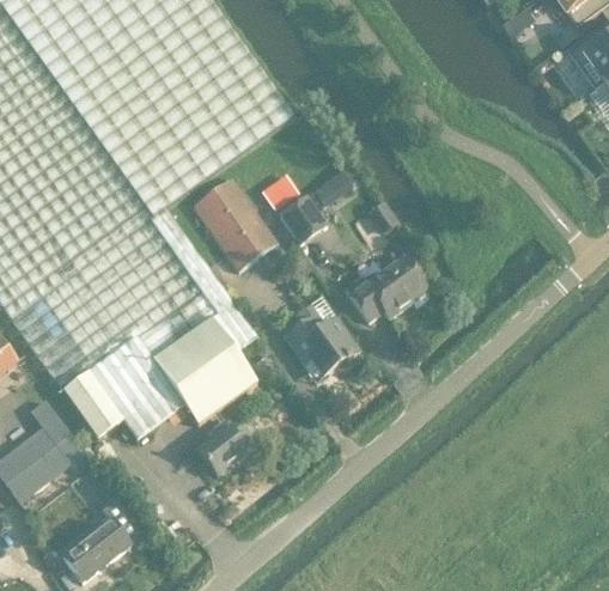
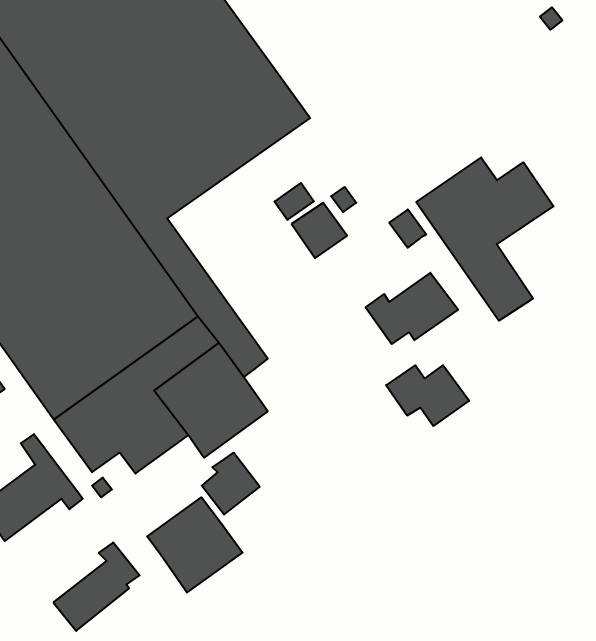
building: none -> [416,157,554,321]
building: [193,177,278,269] -> none
building: [285,317,360,372] -> [386,365,469,426]
building: none -> [147,497,243,593]

